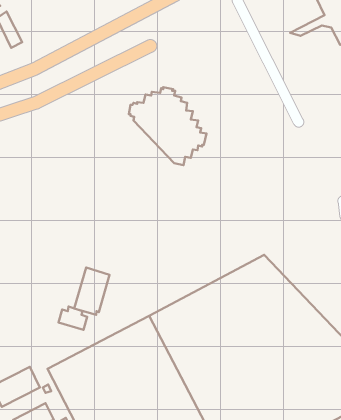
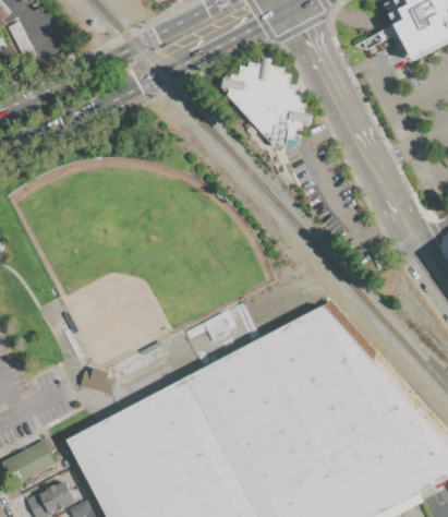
building: [129,87,207,165] -> [219,56,311,147]
building: [74,268,110,315] -> none

